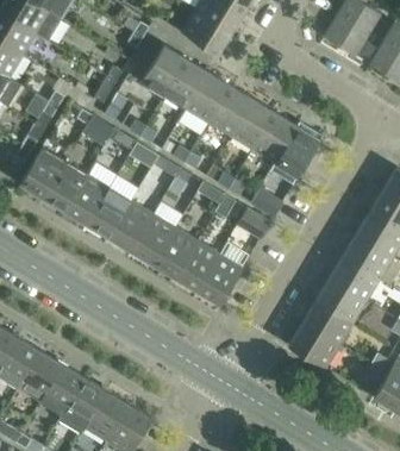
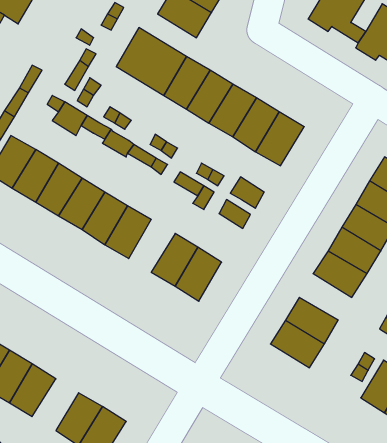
building: [154,227,198,277] -> none
building: [315,278,365,322] -> none
building: [62,378,106,427] -> none

